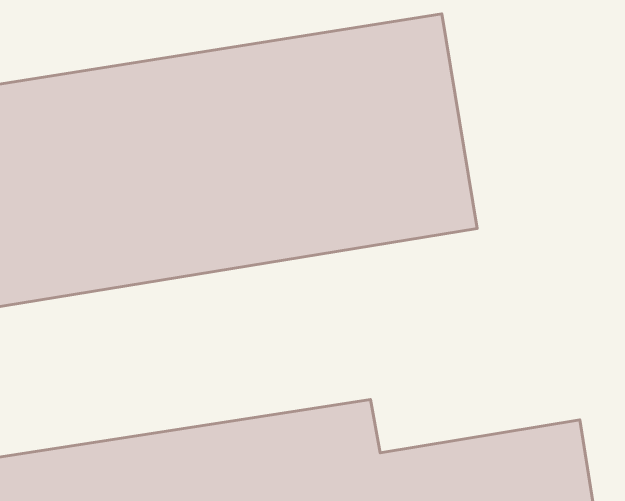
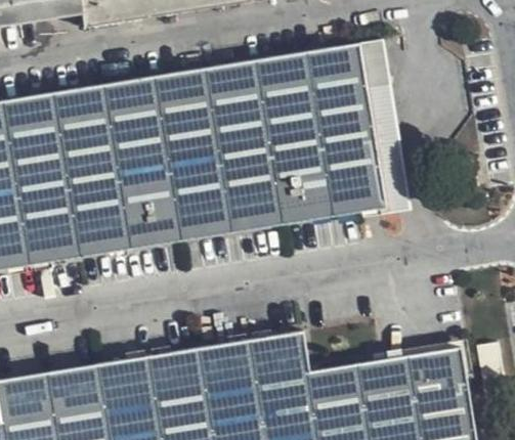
building: none -> [355,41,405,206]

